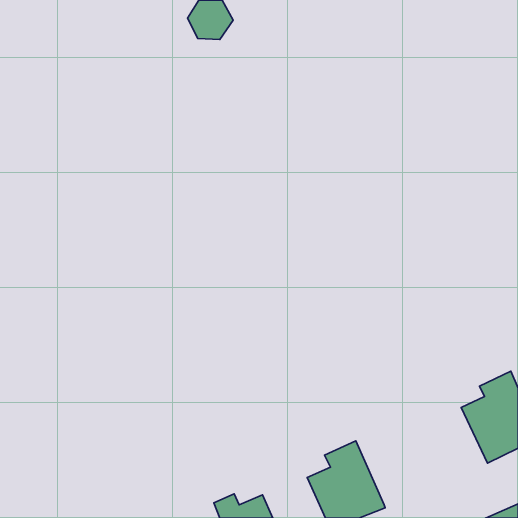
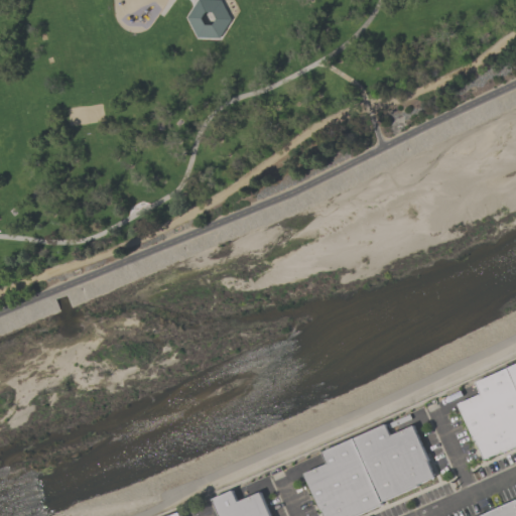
building: none -> [354,424,436,502]

